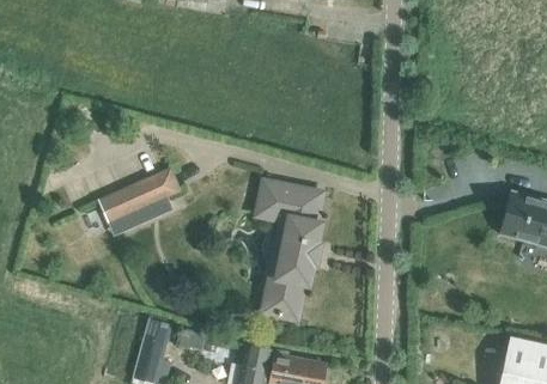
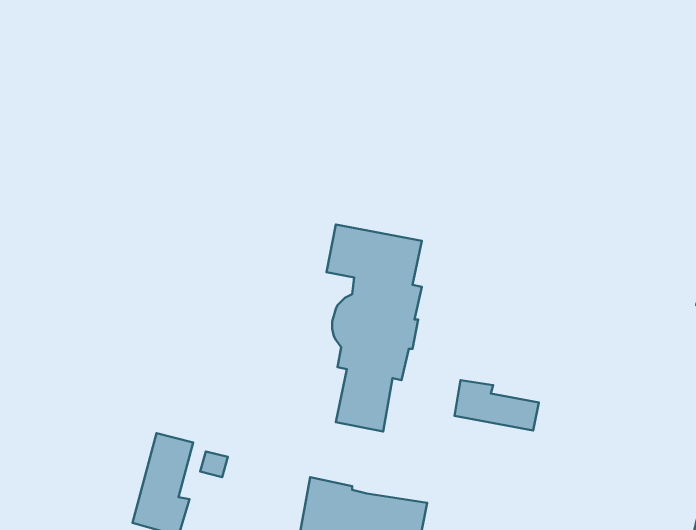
building: [99,169,178,221] -> none
building: none -> [455,380,539,430]

